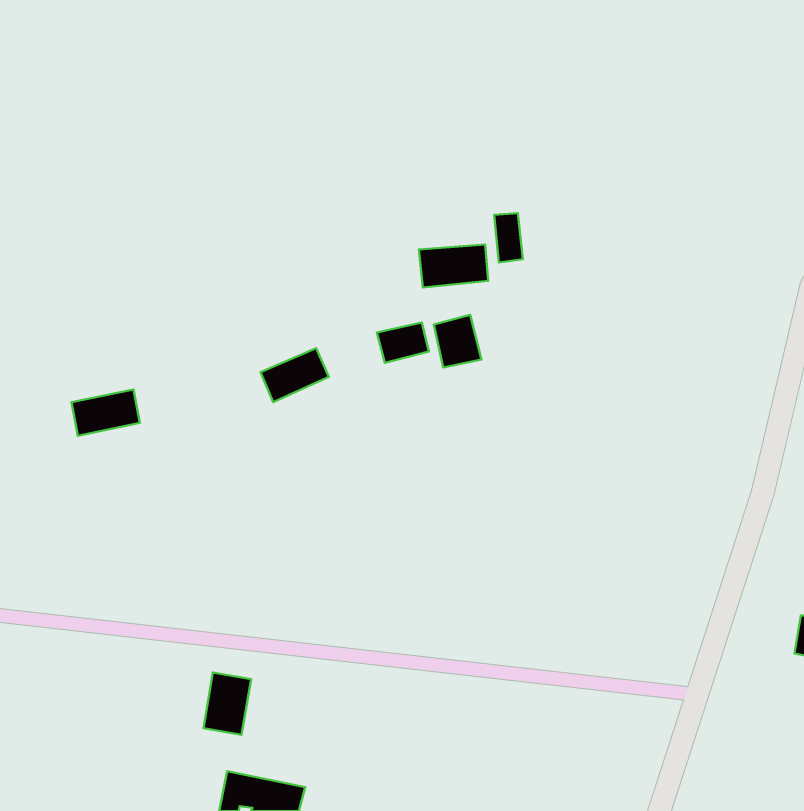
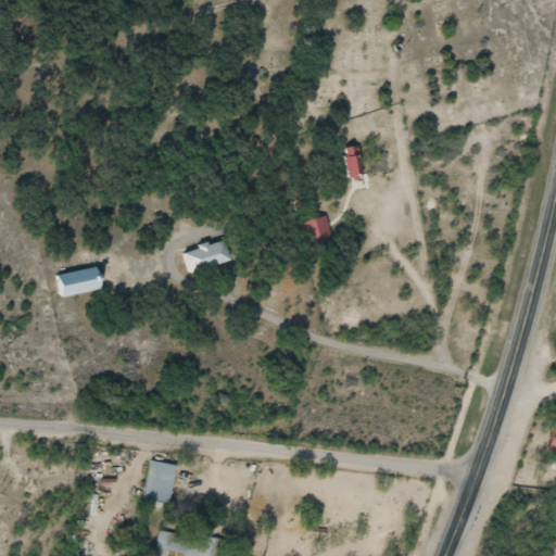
building: [419,245,488,288] -> none
building: [377,323,429,363] -> none

